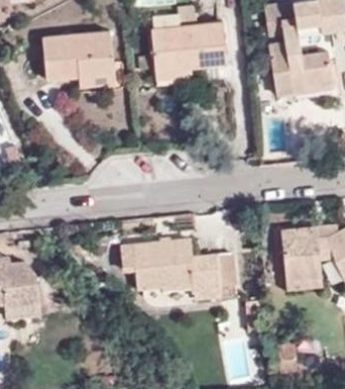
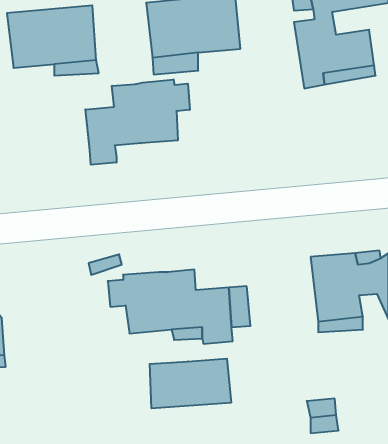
building: none -> [85,79,190,165]
building: none -> [150,359,231,408]

